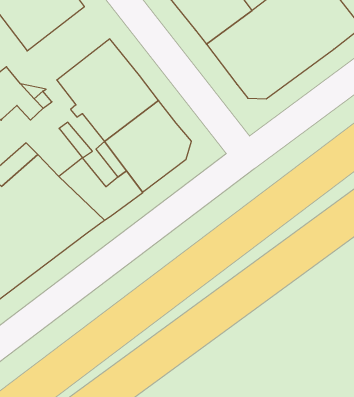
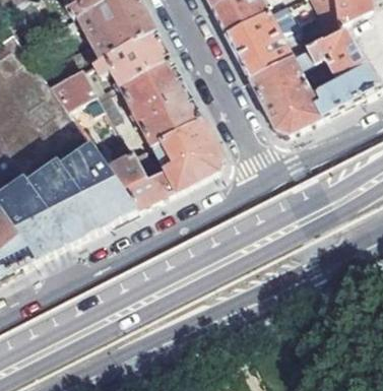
building: none -> [92,28,169,88]

